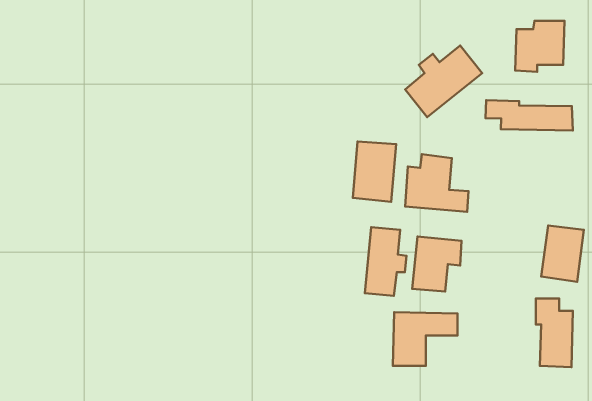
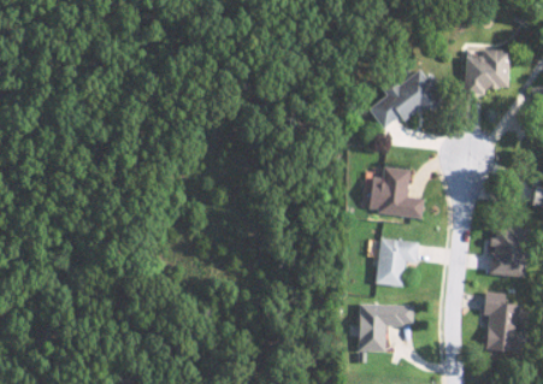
building: [485,100,573,130] -> none
building: [353,142,396,202] -> none
building: [365,227,407,296] -> none

